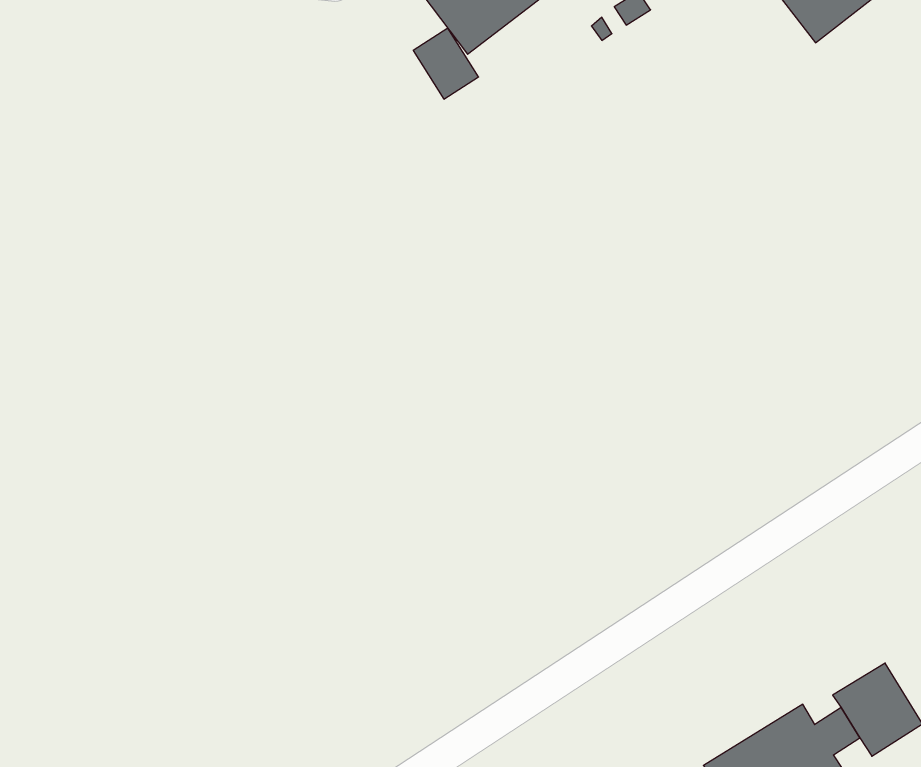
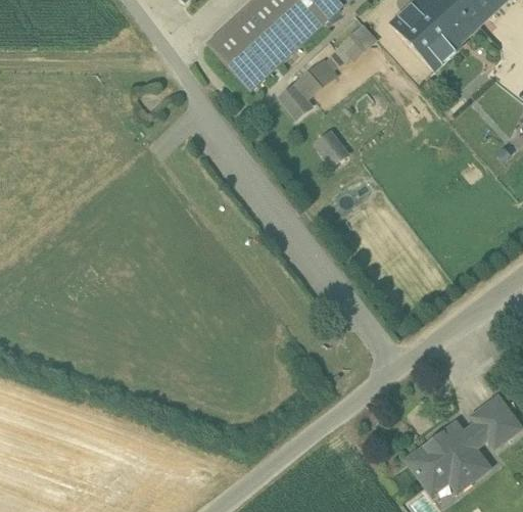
building: [413,28,479,99] -> [279,82,315,120]
building: none -> [315,129,350,167]

